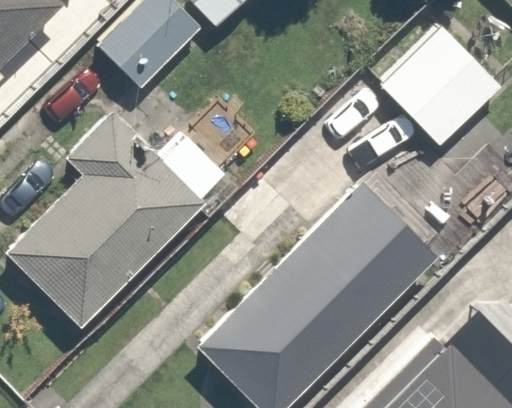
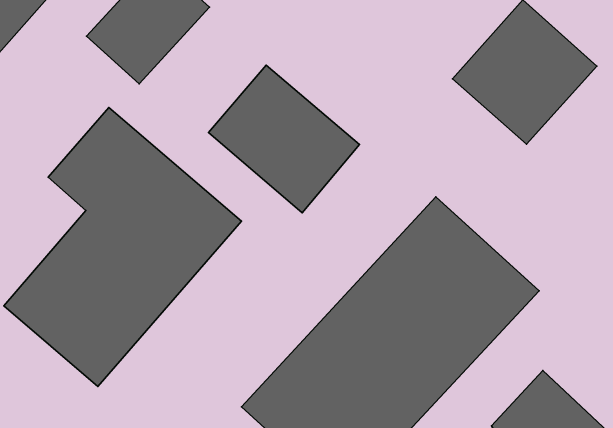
building: none -> [208,65,359,213]

